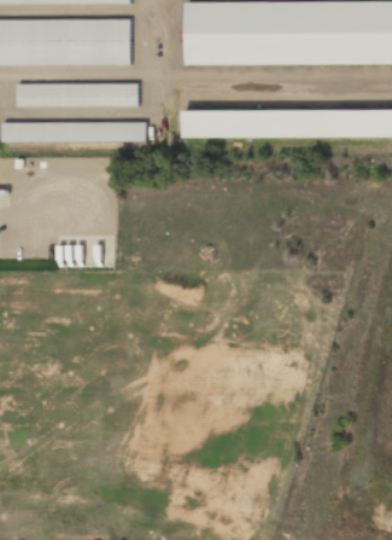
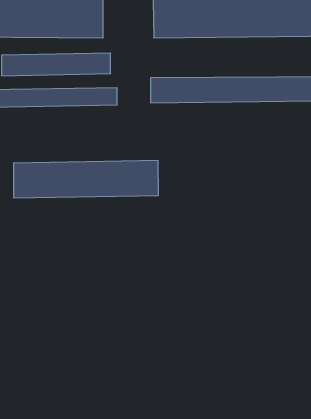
building: none -> [14,160,158,198]

